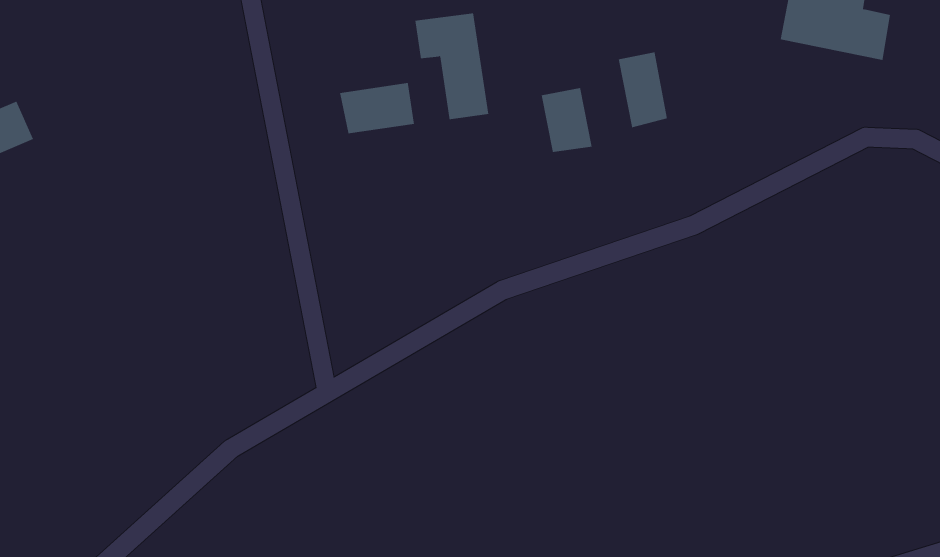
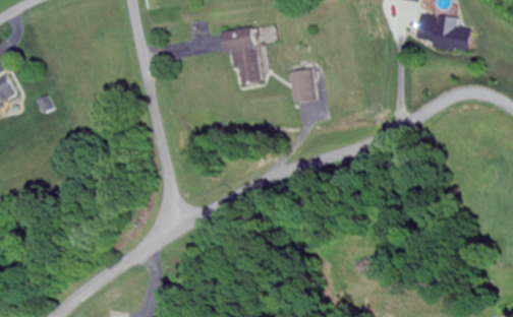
building: [618,52,667,128] -> none
building: [340,82,415,134] -> none

